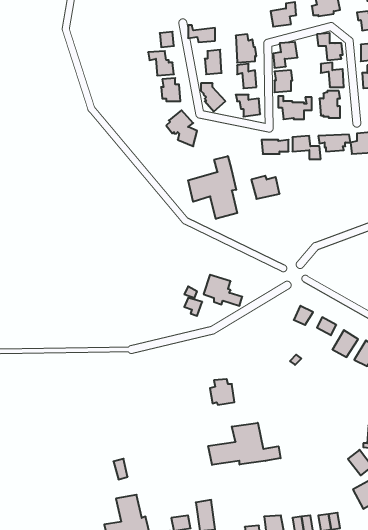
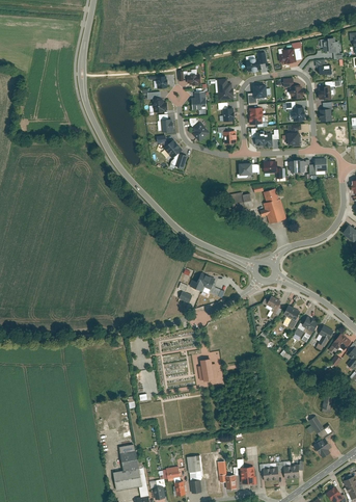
building: [188,156,237,219] -> none
building: none -> [259,189,286,224]
building: [208,423,281,465] -> none

